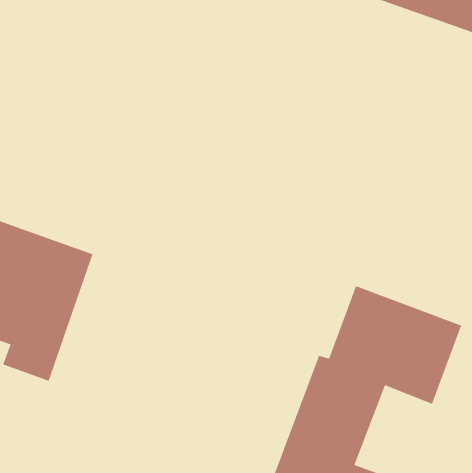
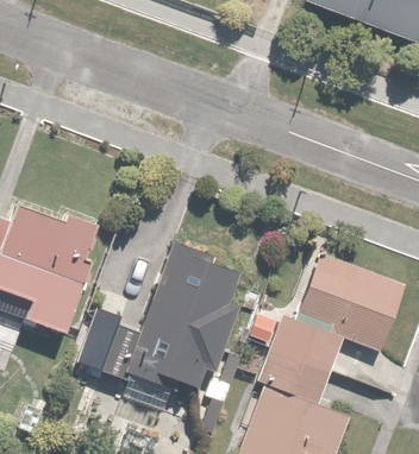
building: none -> [127,246,242,397]
building: none -> [77,313,137,377]

